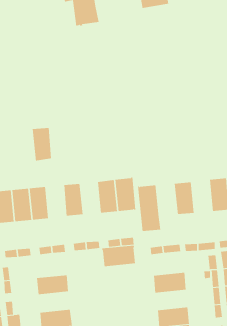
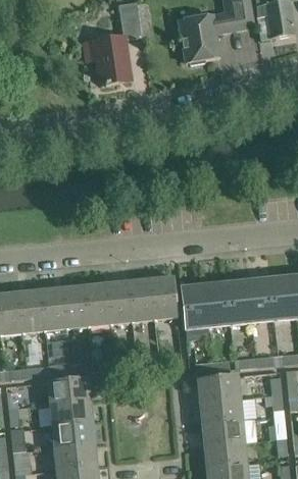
building: [32,127,52,161] -> [63,285,89,328]
building: none -> [249,278,276,321]
building: none -> [107,281,133,323]
building: none -> [204,283,231,326]
building: [101,245,136,267] -> [197,373,241,401]
building: none -> [47,376,91,404]
building: none -> [202,419,245,444]
building: none -> [53,421,95,447]

